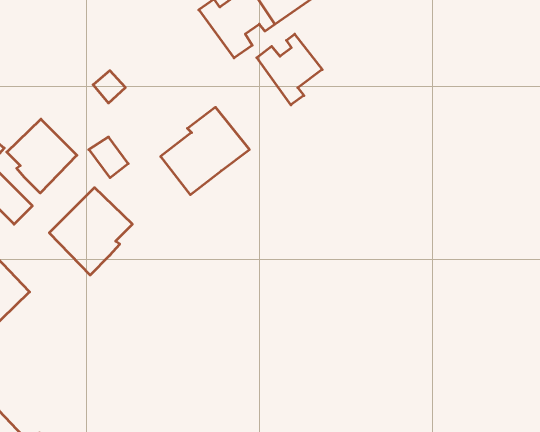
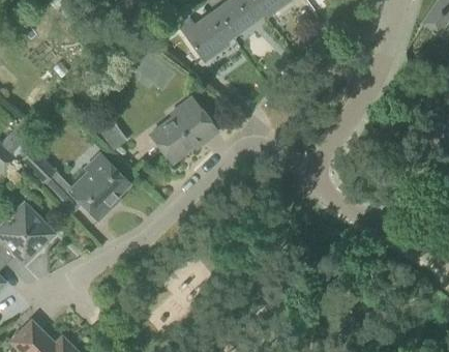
building: [257,34,322,105] -> none
building: [7,119,77,193] -> none

